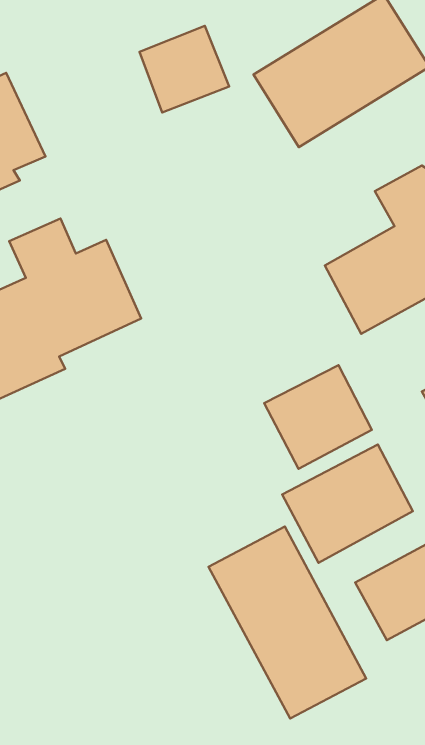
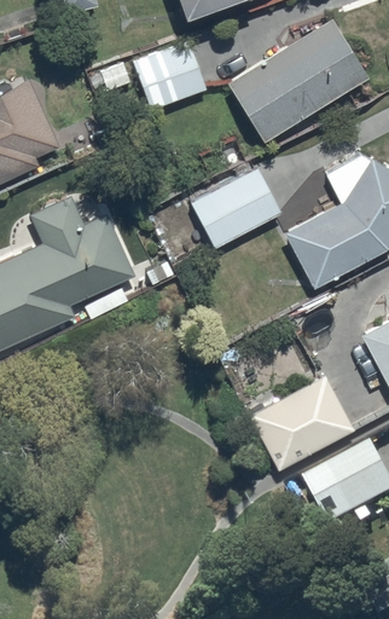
building: none -> [190,168,281,249]
building: [264,365,372,469] -> none
building: [209,527,366,719] -> none

